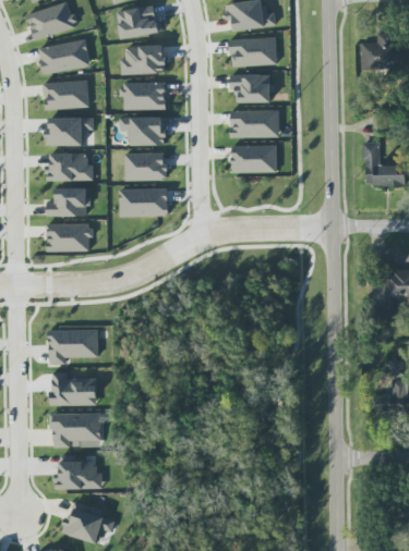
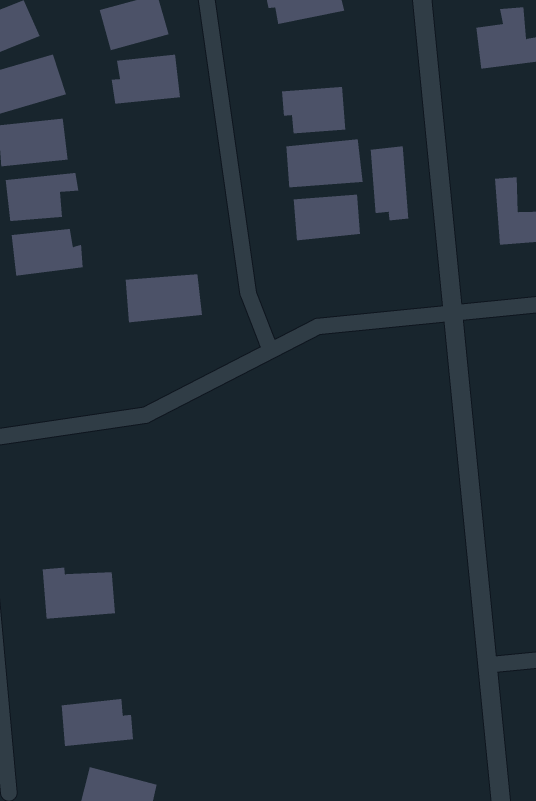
building: [230,37,278,66] -> none
building: [123,82,167,109] -> none
building: none -> [370,145,409,221]
building: [120,117,167,145] -> none
building: [125,152,167,181] -> none
building: [48,187,89,217] -> none
building: [47,222,92,252] -> none
building: [49,329,99,364] -> none
building: [51,412,101,448] -> none

